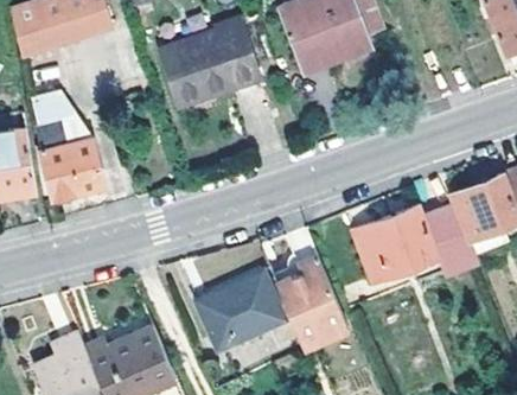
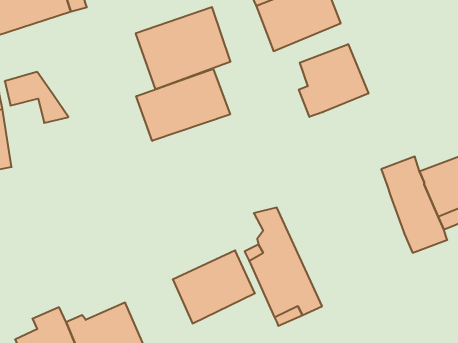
building: none -> [299,44,368,117]
building: none -> [136,69,230,141]
building: [33,119,104,197] -> none
building: [355,208,436,281] -> none

